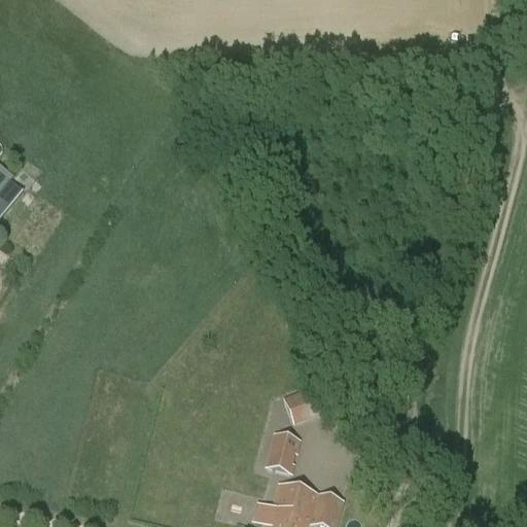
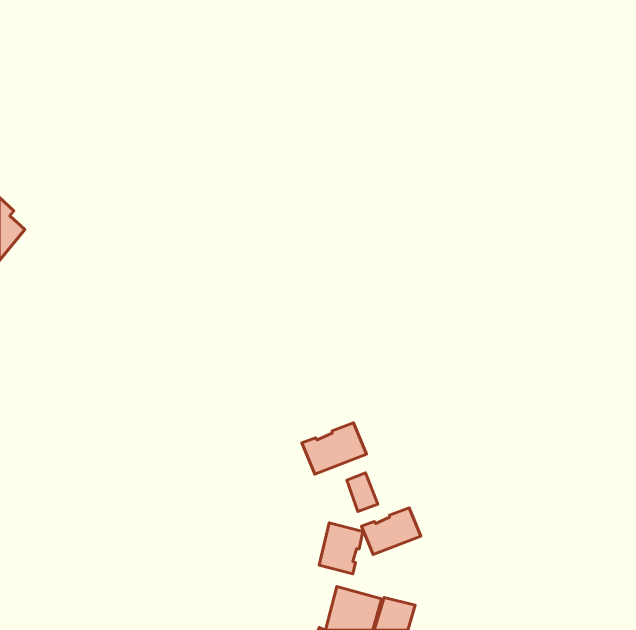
building: none -> [302,423,366,474]
building: none -> [362,508,421,555]

